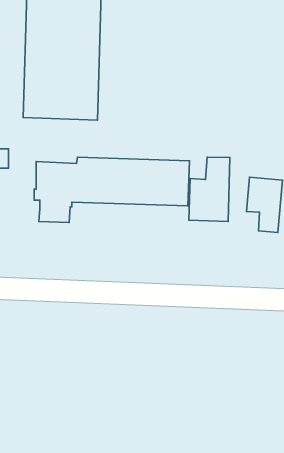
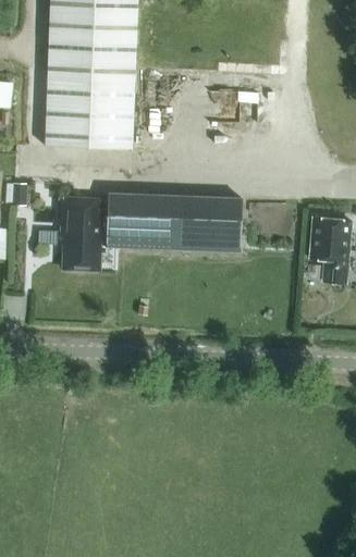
building: [189,157,230,221] -> none

